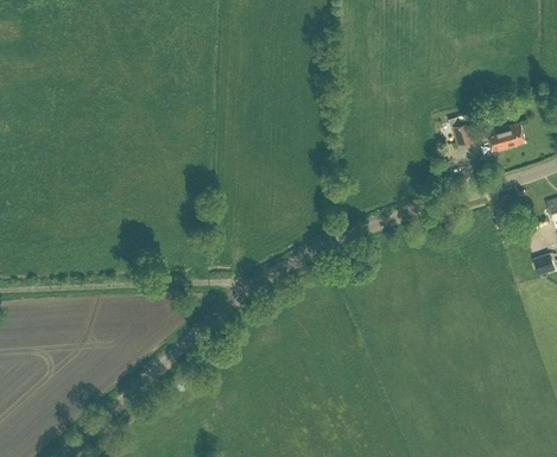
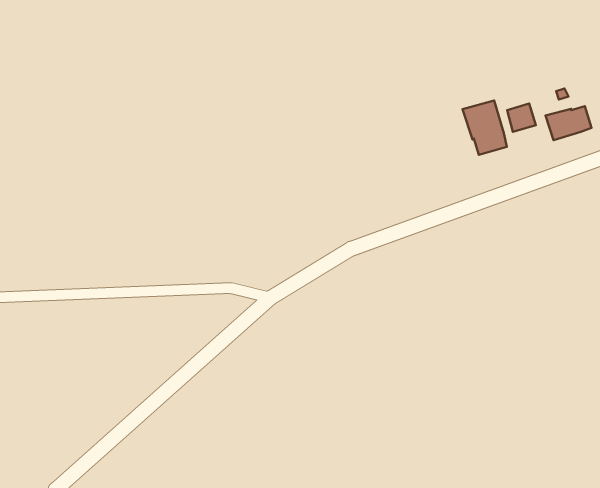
building: none -> [462,101,507,155]

